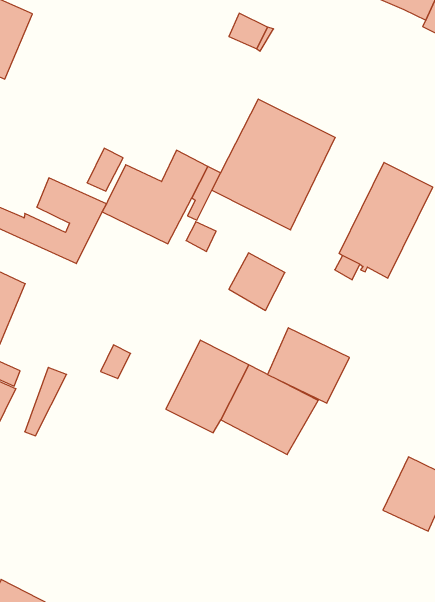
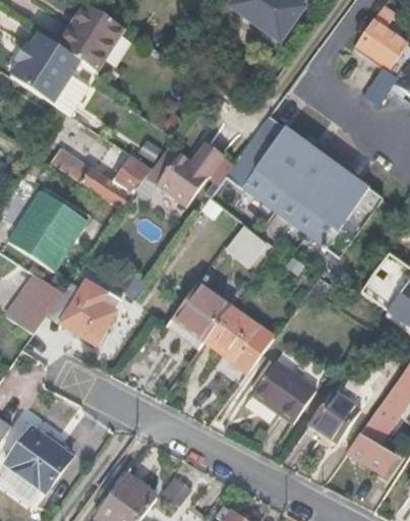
building: none -> [278,153,352,235]
building: [267,328,349,403] -> [258,360,318,418]
building: none -> [72,288,122,341]

